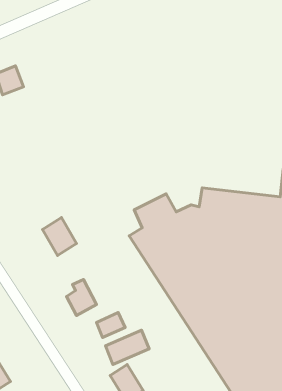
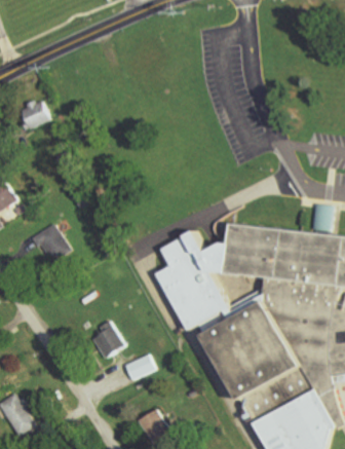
building: [43,218,76,256] -> [34,223,69,262]
building: [105,330,149,364] -> none

